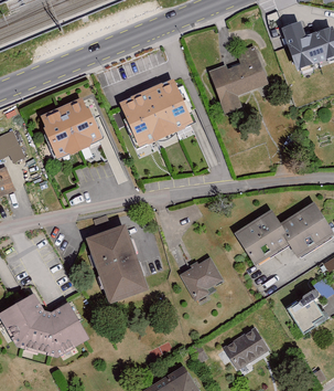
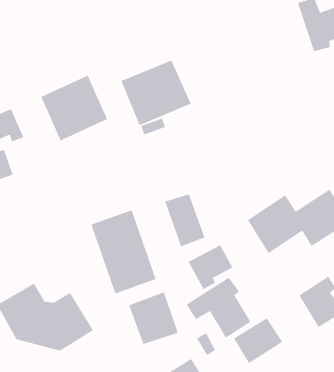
building: [208,42,269,113] -> none
building: none -> [165,193,205,247]
building: none -> [186,277,251,338]
building: none -> [129,291,179,345]

